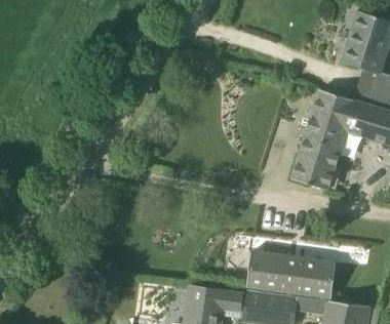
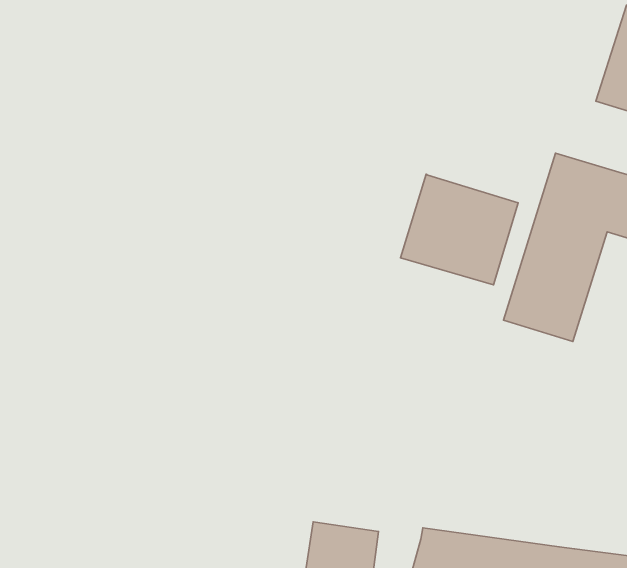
building: none -> [401,174,518,285]
building: [246,251,335,297] -> none

